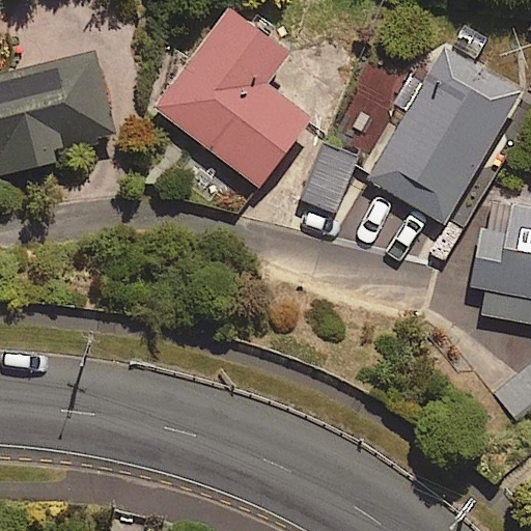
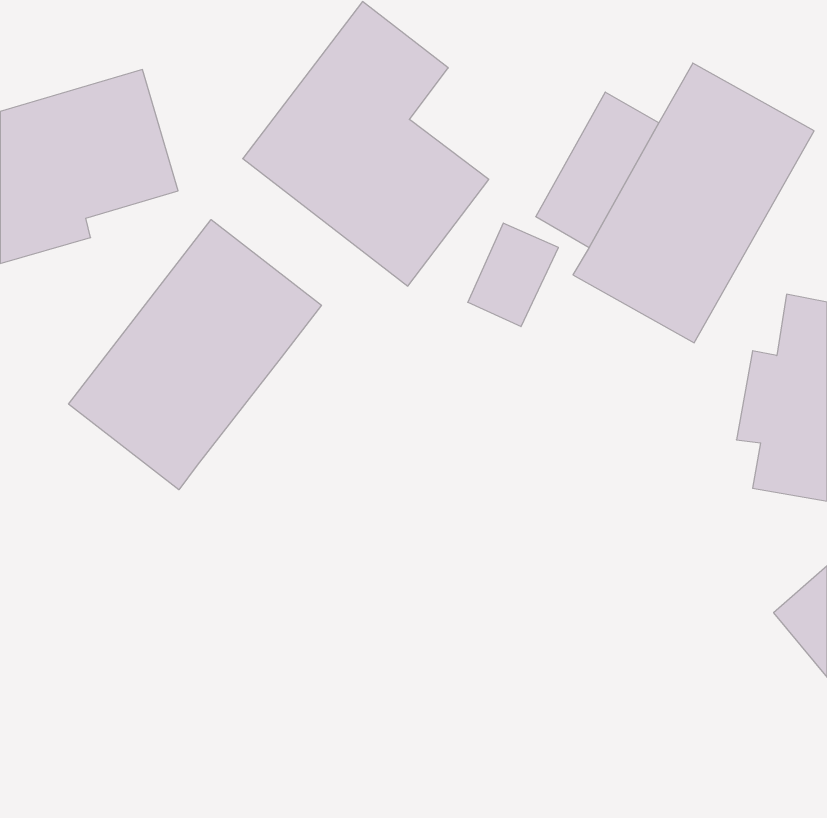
building: none -> [69,220,321,490]

